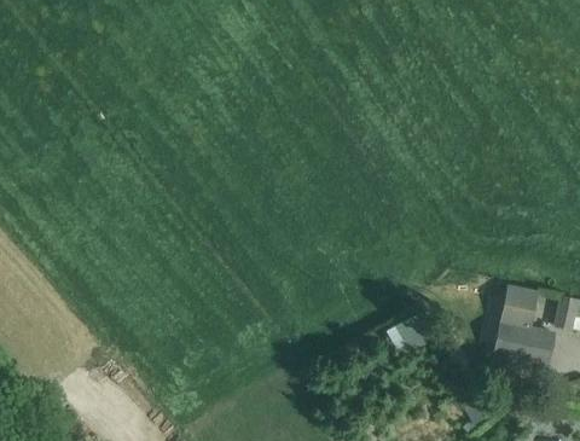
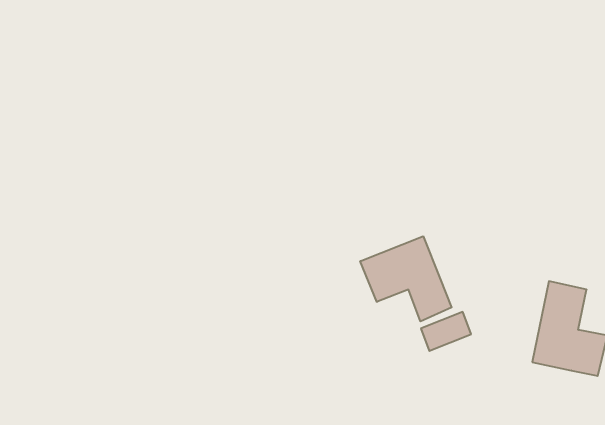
building: none -> [360,236,452,321]

